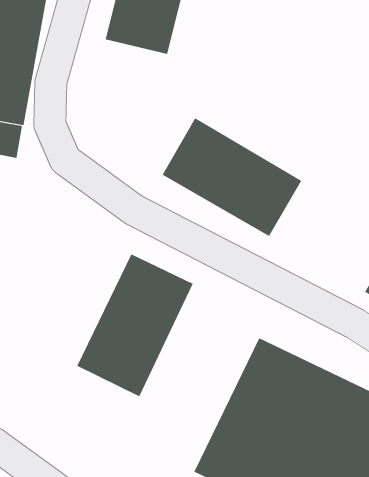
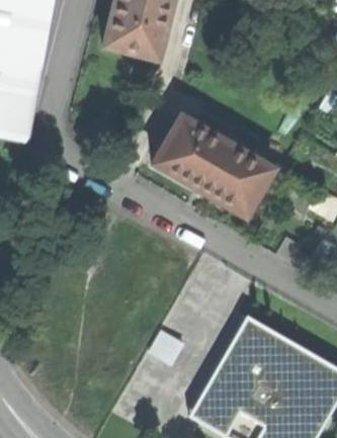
building: [76,254,194,397] -> none

